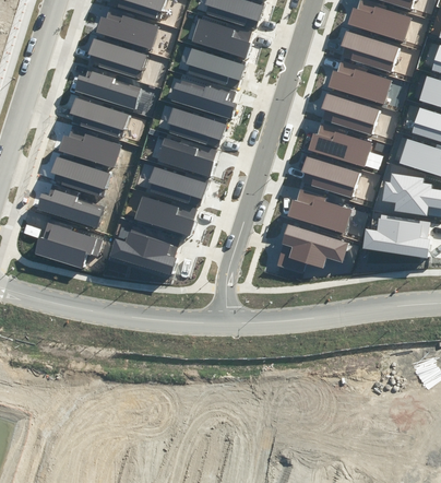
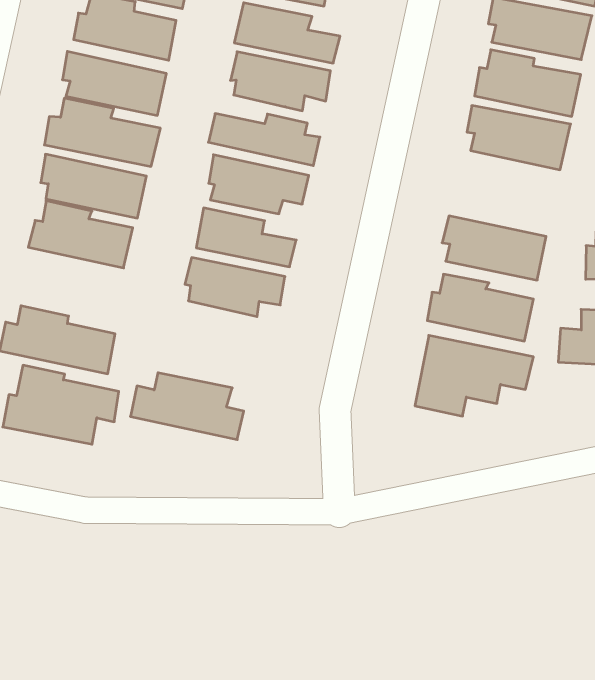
building: [307,122,371,166] -> none
building: [50,155,112,198] -> none
building: [133,196,194,237] -> none

